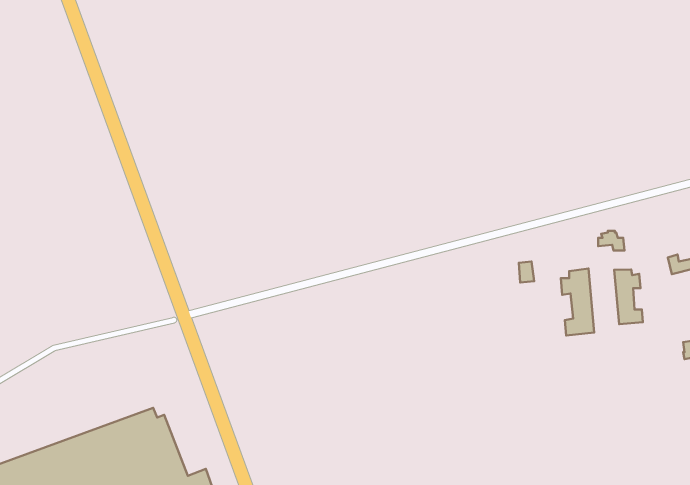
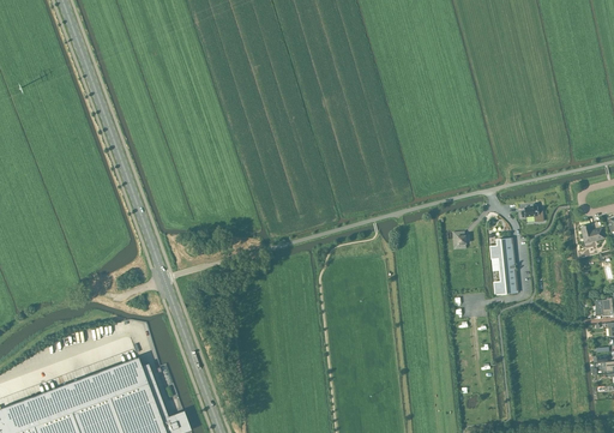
building: [614,269,643,324] -> none

